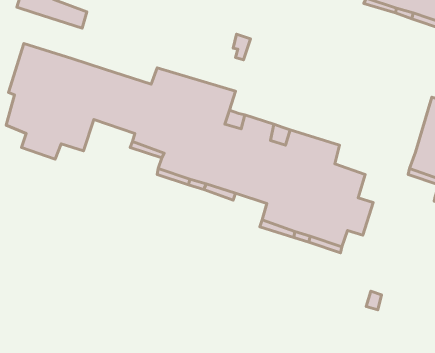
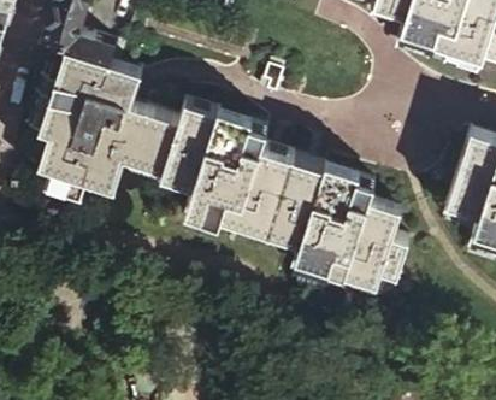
building: none -> [48,46,141,104]

